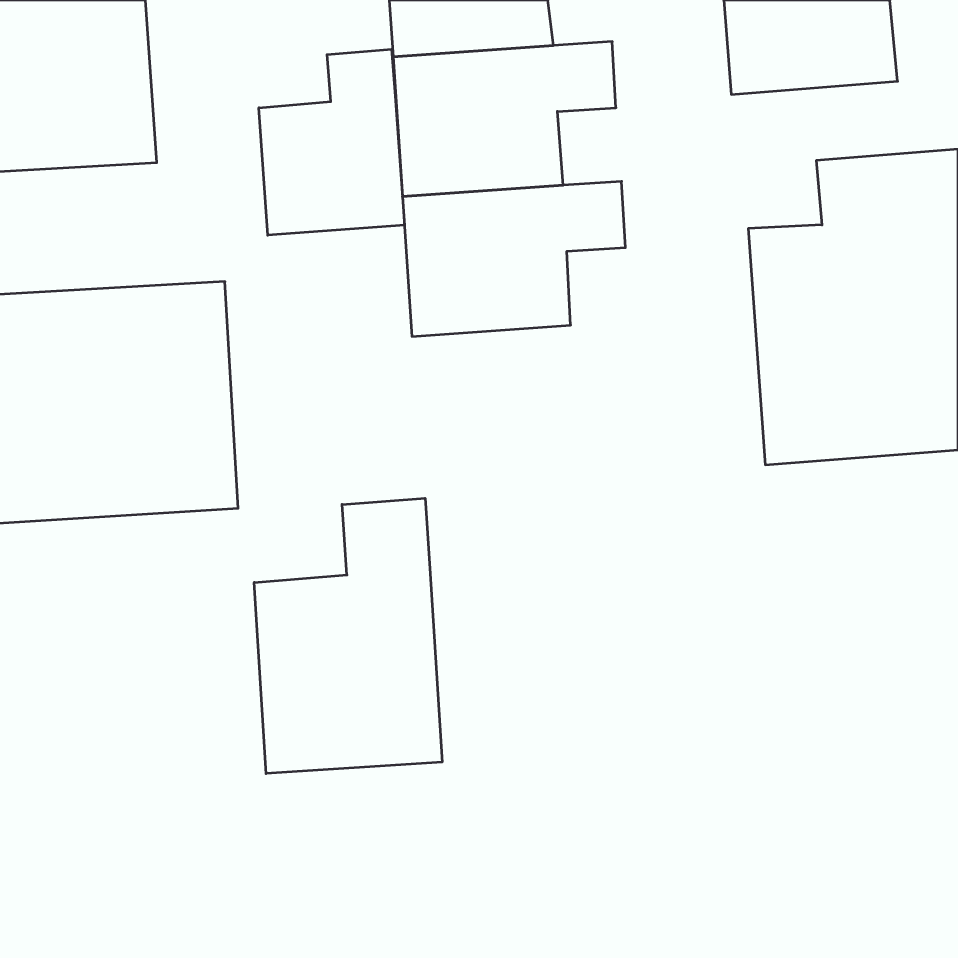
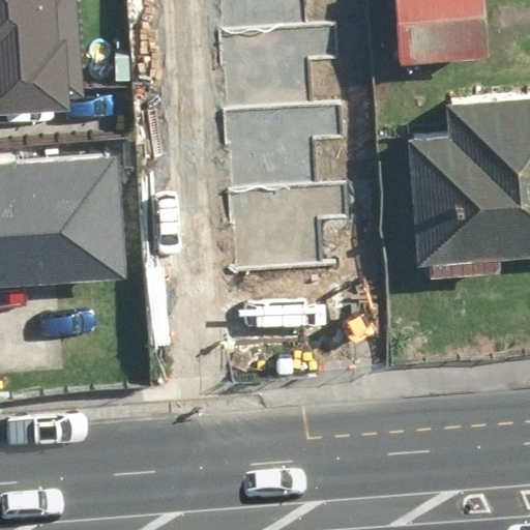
building: [259,49,404,235] -> none
building: none -> [226,180,348,265]
building: [254,498,442,774] -> none

